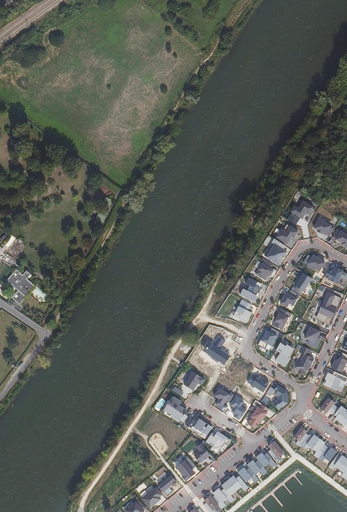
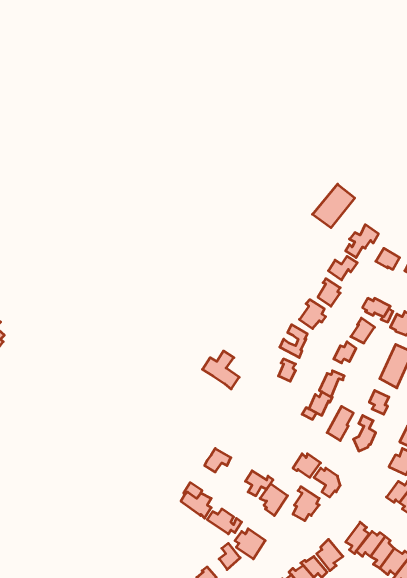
building: none -> [312,184,355,228]
building: [201,335,229,364] -> [202,351,239,389]

